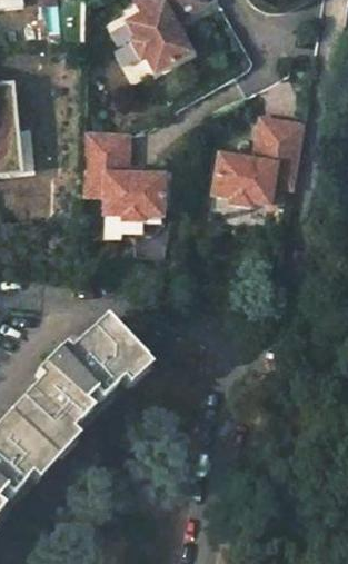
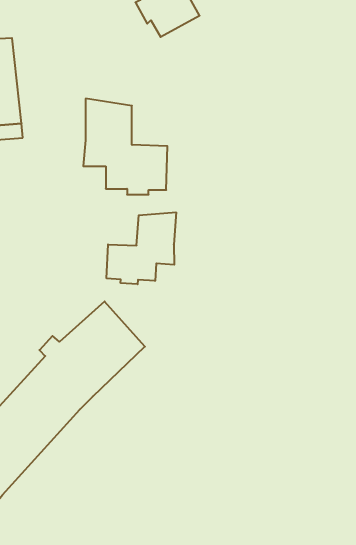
building: [210,119,304,206] -> none
building: none -> [107,212,176,284]

